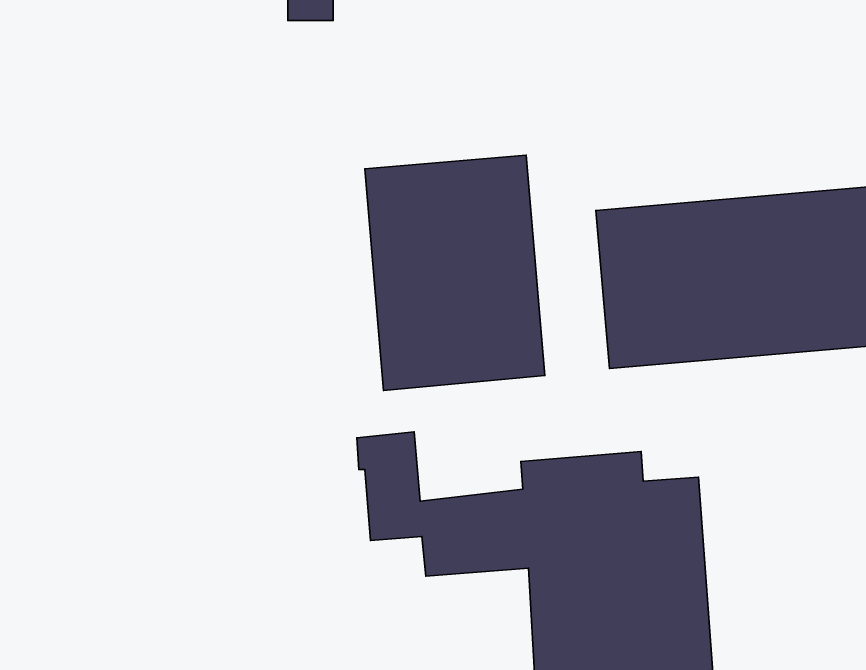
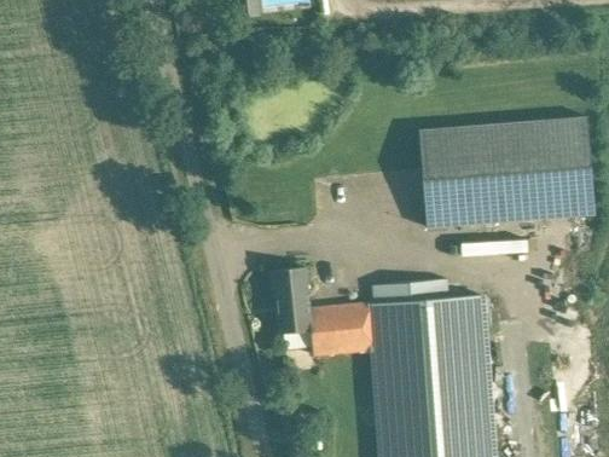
building: [365,155,545,391] -> none

